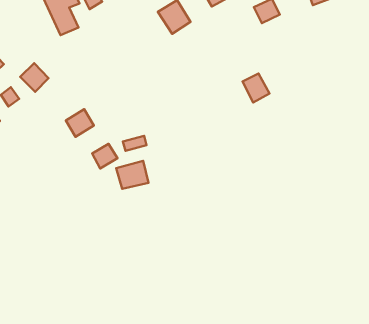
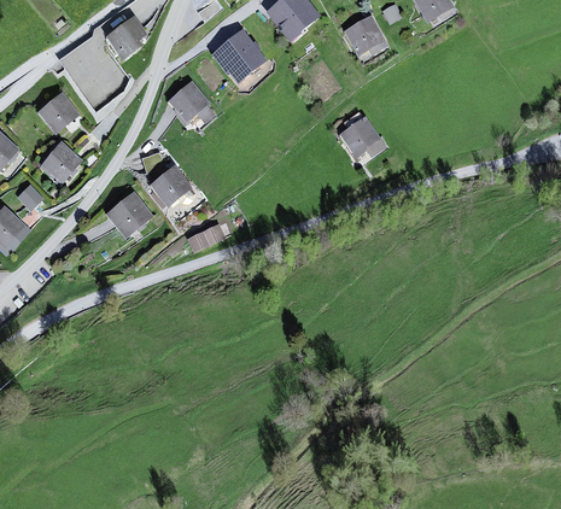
building: none -> [41,95,75,129]
building: none -> [173,88,208,122]
building: [92,144,118,169] -> [154,171,189,206]
building: [116,161,149,189] -> none

